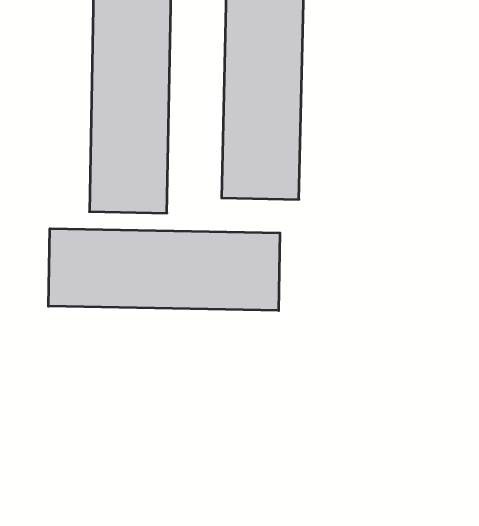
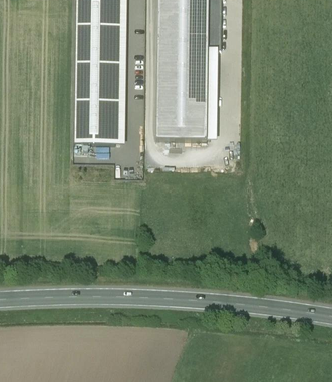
building: [48,229,280,311] -> none

